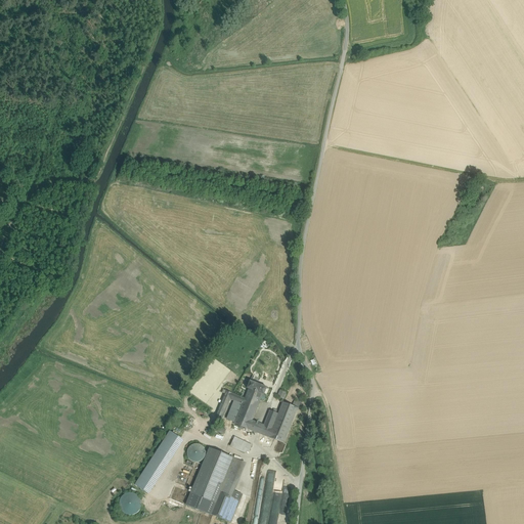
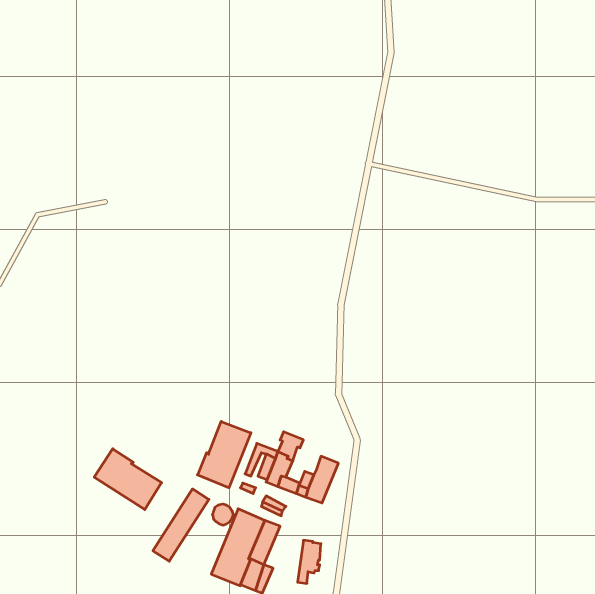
building: none -> [197,421,251,488]
building: none -> [94,449,162,510]
building: [118,491,140,513] -> none

